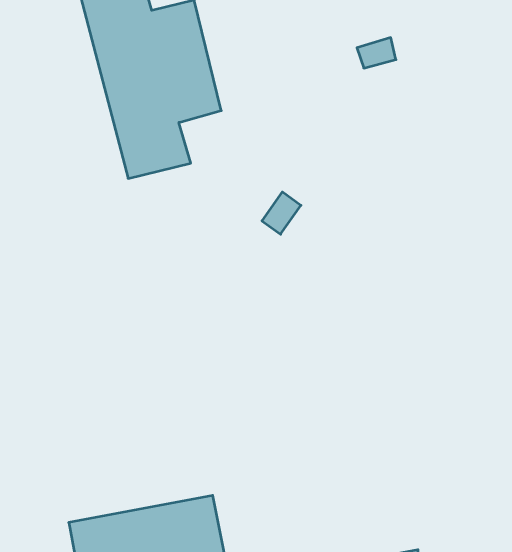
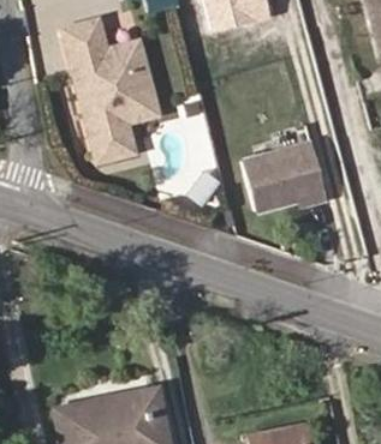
building: none -> [243,138,329,215]

